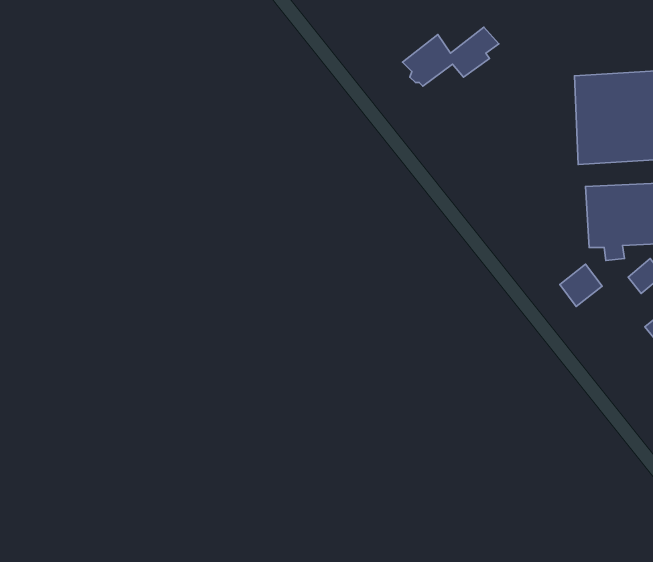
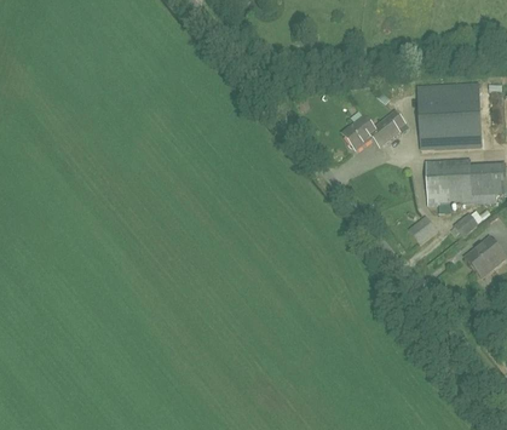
building: [403,27,499,86] -> [342,109,405,148]

